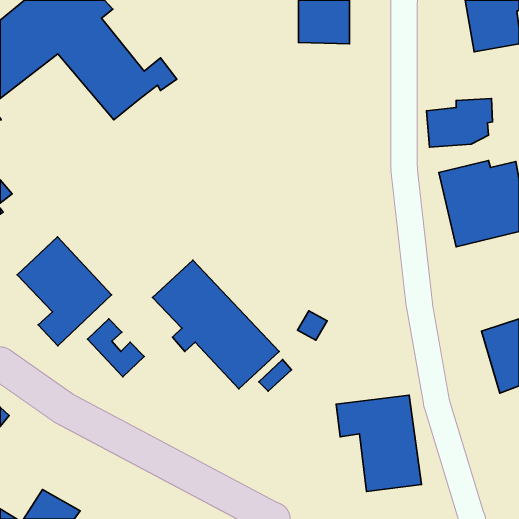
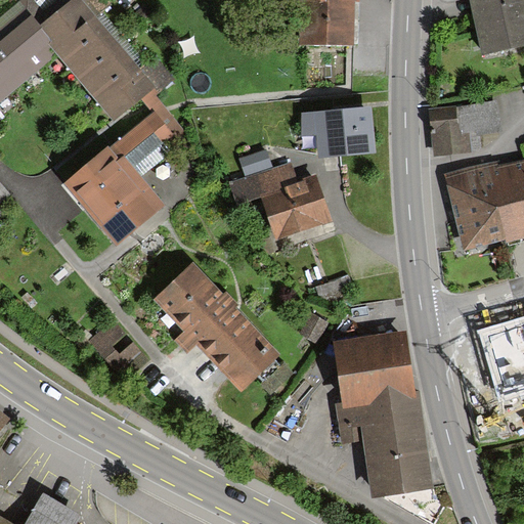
building: none -> [66,86,185,246]
building: none -> [300,104,378,157]
building: none -> [229,151,324,237]
building: [17,237,111,346] -> none
building: none -> [330,331,412,407]

